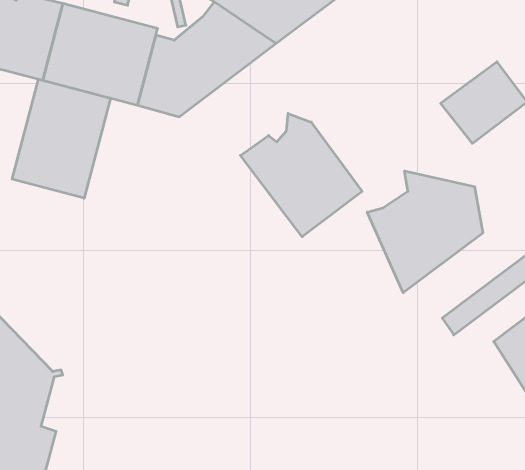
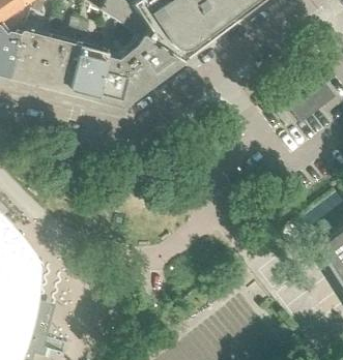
building: [12,79,110,198] -> none
building: [240,113,362,237] -> none
building: [367,171,483,293] -> none

